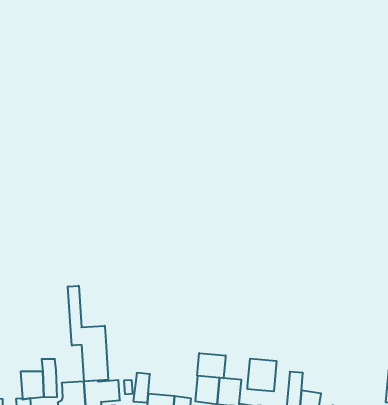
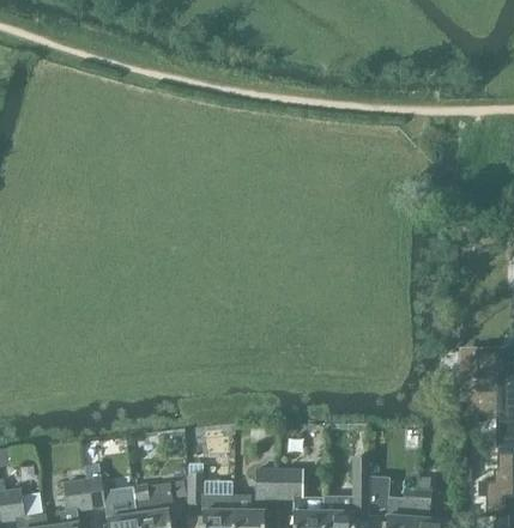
building: [68,286,108,381] -> none
building: [197,353,226,378] -> none
building: [247,359,276,391] -> none

